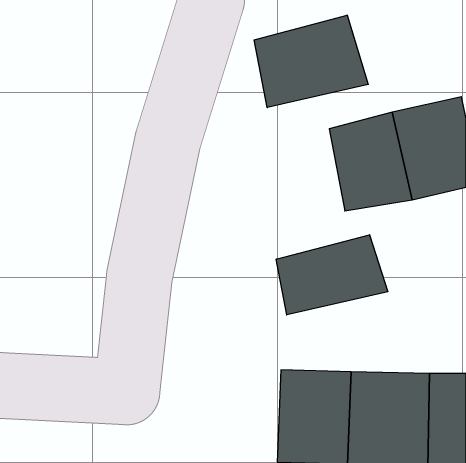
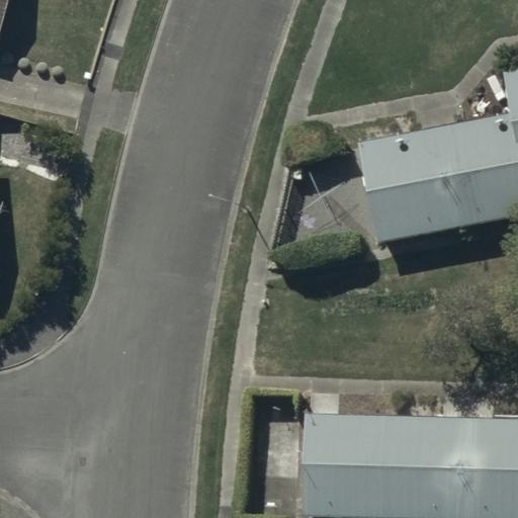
building: [254,15,368,108] -> none
building: [276,235,388,315] -> none

